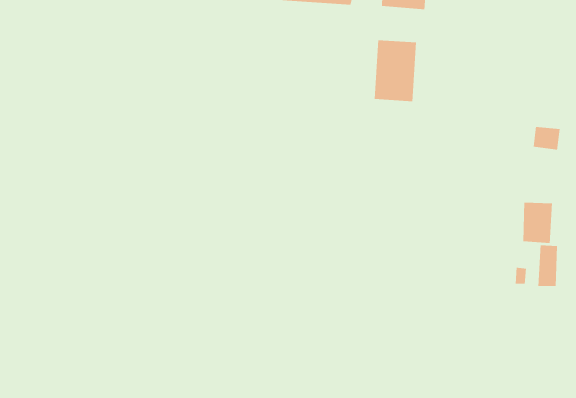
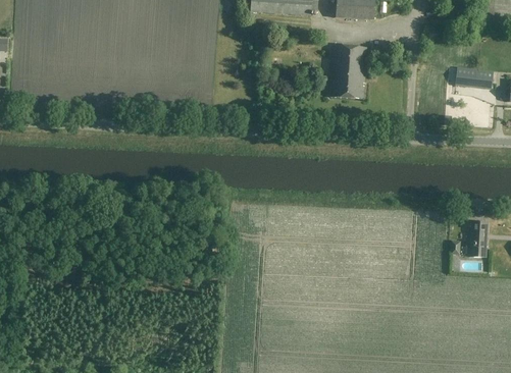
building: [533,126,560,150] -> [457,66,480,87]
building: [523,202,552,244] -> none

